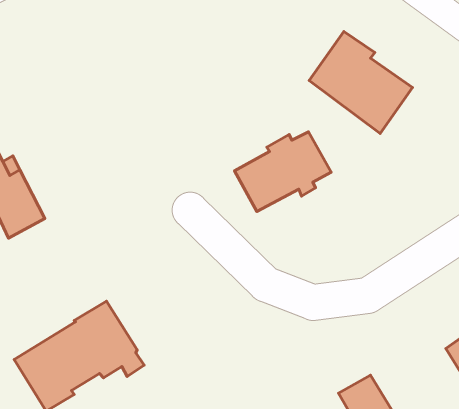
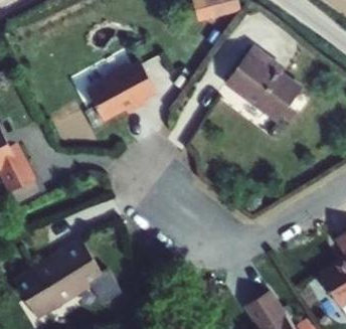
building: [235,132,331,211] -> [88,63,157,121]

